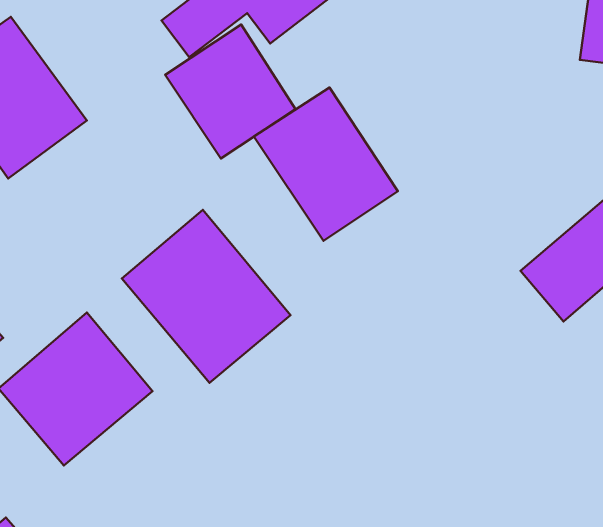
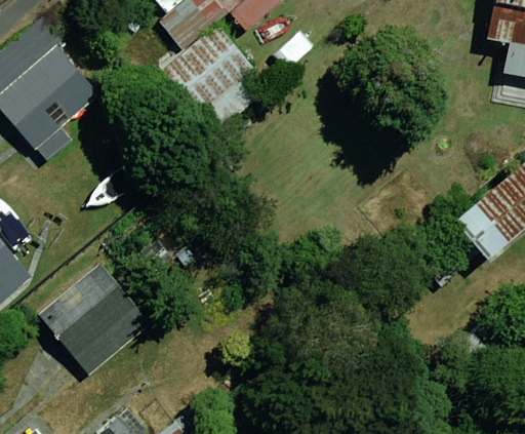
building: [254,88,398,241] -> none
building: [122,210,291,383] -> none

